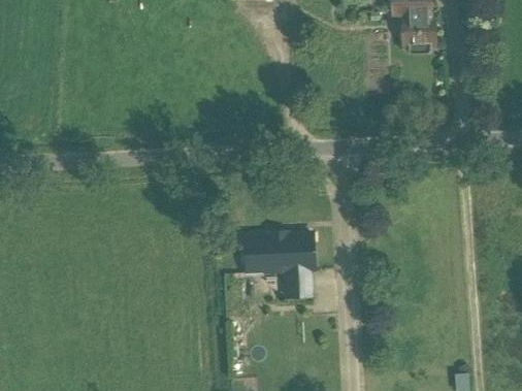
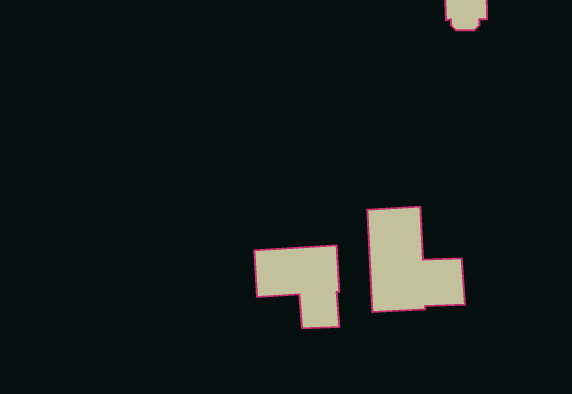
building: none -> [367,207,465,312]

